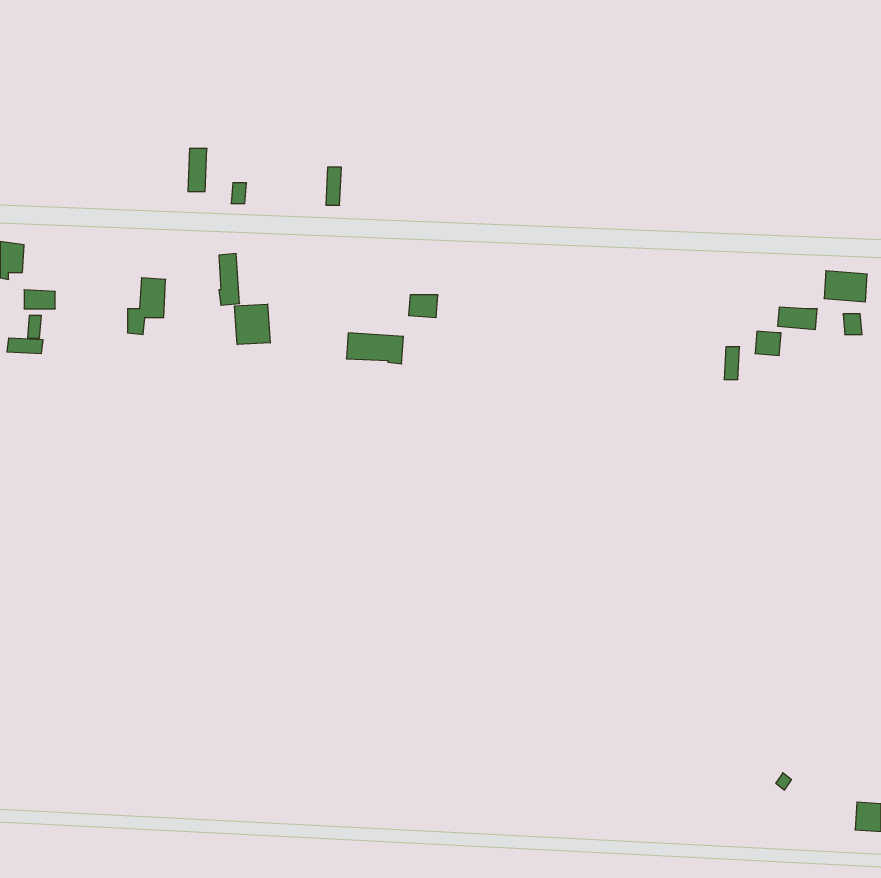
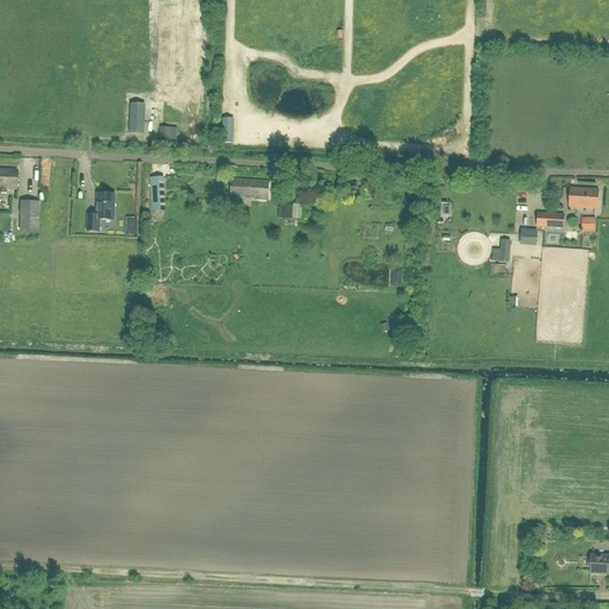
building: [235,304,270,345] -> none
building: [346,333,403,364] -> [230,177,269,199]

